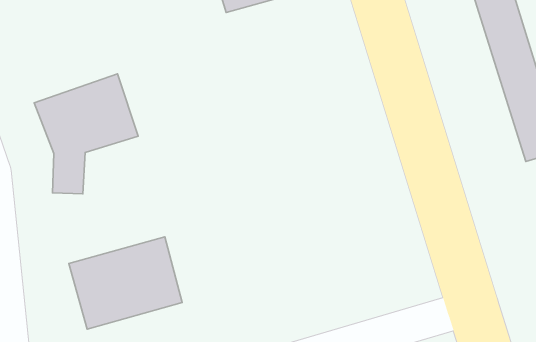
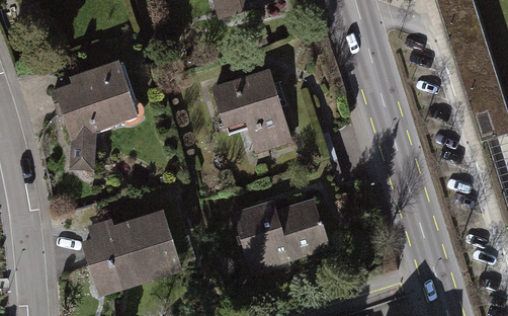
building: none -> [205,68,290,152]
building: none -> [232,196,326,269]

